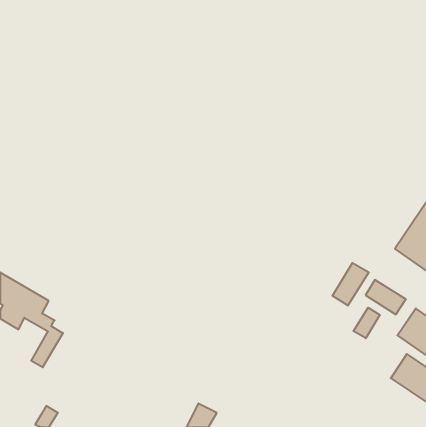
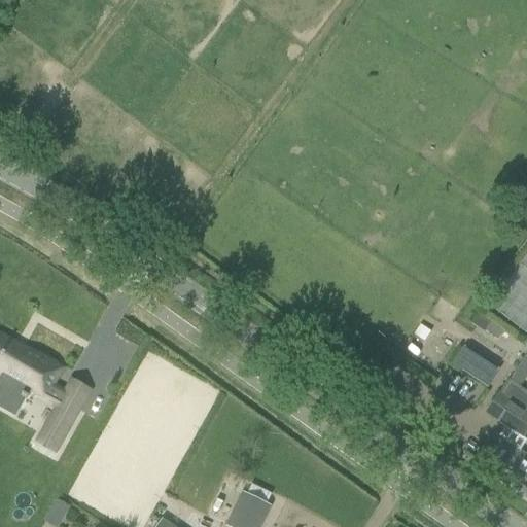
building: [332,263,369,306] -> none
building: [353,308,380,338] -> none

